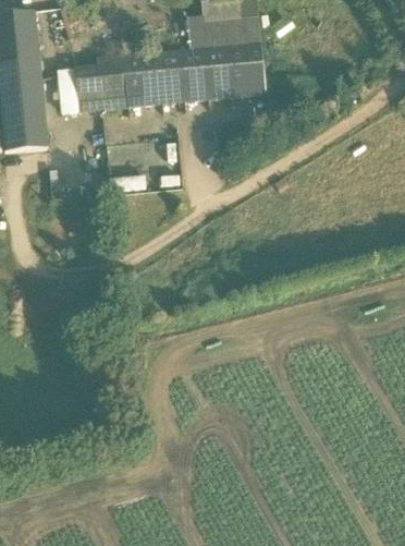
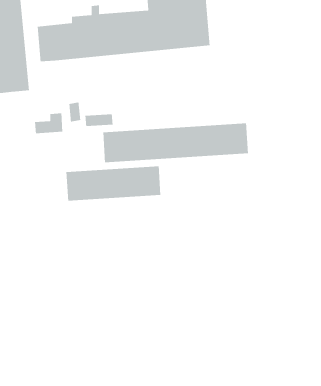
building: none -> [102,123,249,163]
building: none -> [66,165,161,201]

